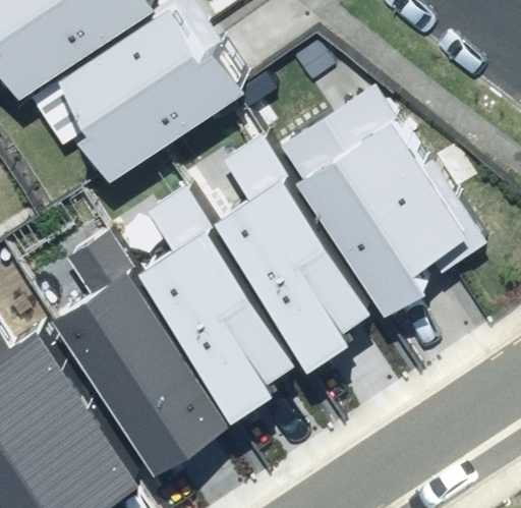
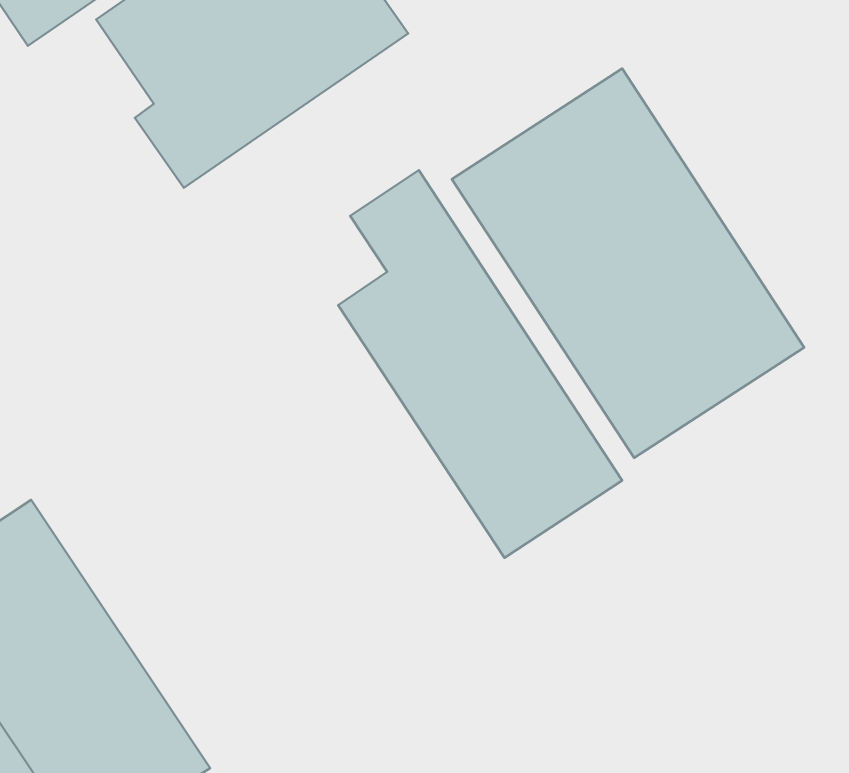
building: [138,199,295,409] -> none
building: [52,256,221,478] -> none

